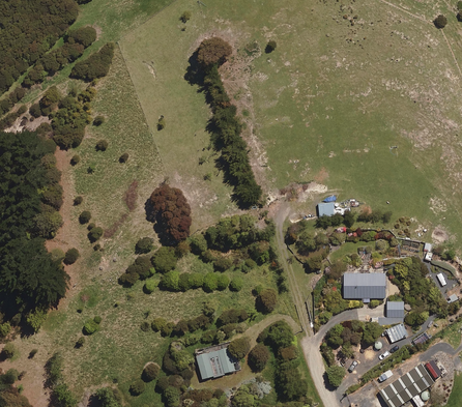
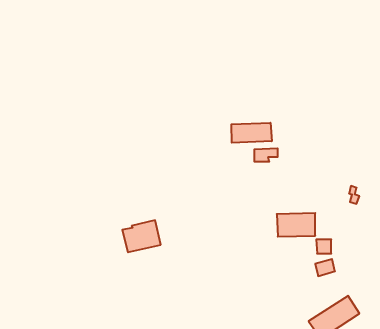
building: none -> [231,123,272,143]
building: [196,343,238,378] -> [122,220,161,252]

